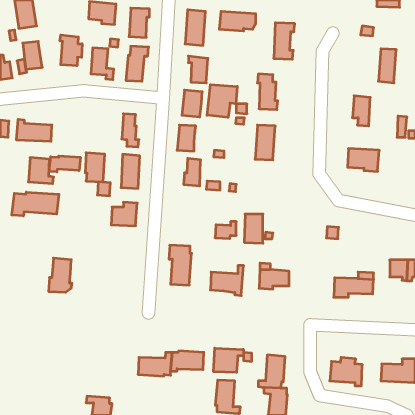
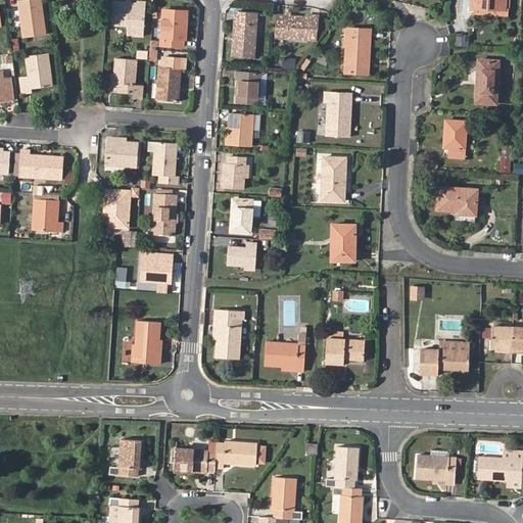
building: [60,35,82,66] -> none
building: [207,85,237,117] -> none
building: none -> [106,138,140,167]
building: [49,156,80,172] -> none
building: [12,192,59,216] -> none
building: [244,214,263,243] -> [331,225,354,262]
building: [215,222,236,239] -> [229,244,255,266]
building: [49,258,72,292] -> [132,321,161,364]
building: [214,348,244,372] -> none
building: none -> [108,439,143,477]

